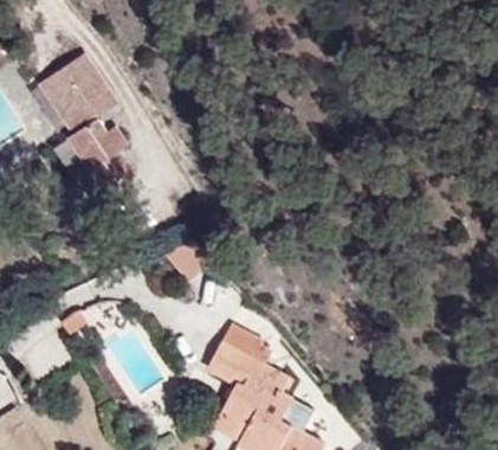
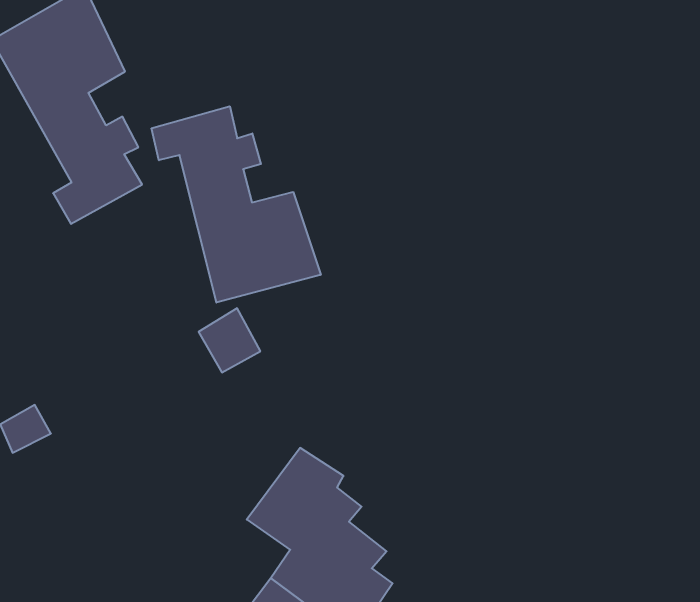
building: none -> [152,106,321,303]

